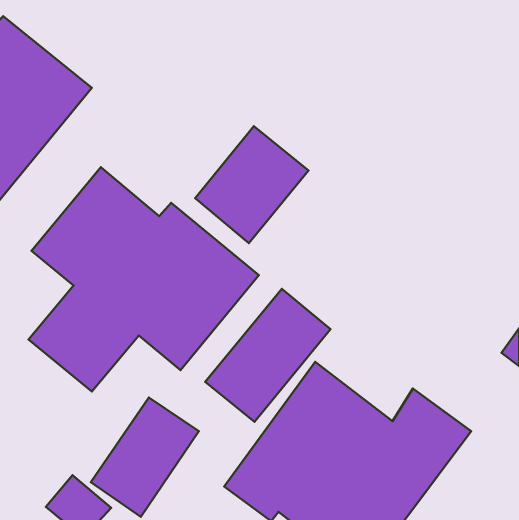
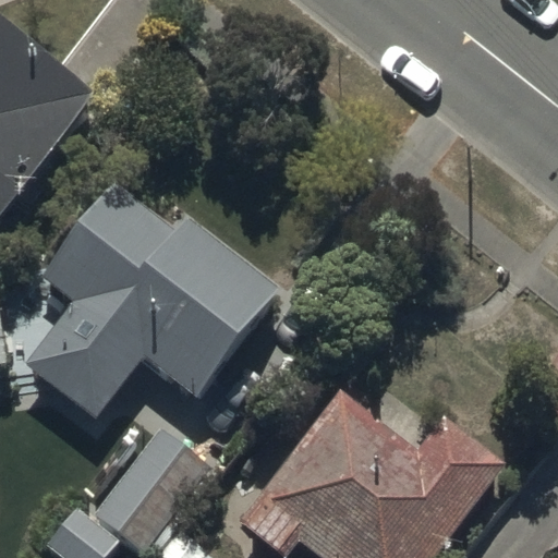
building: [195,126,309,243] -> none
building: [205,289,330,422] -> none

